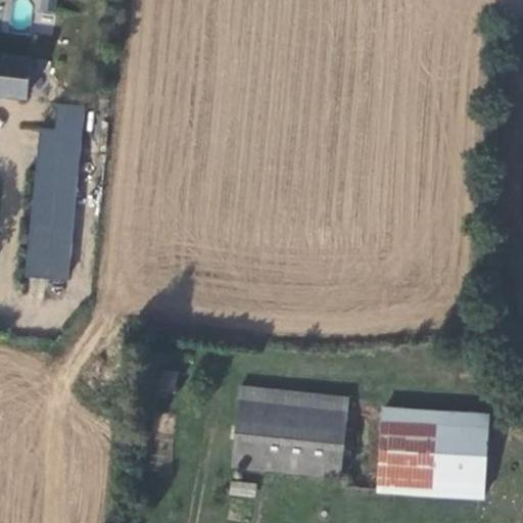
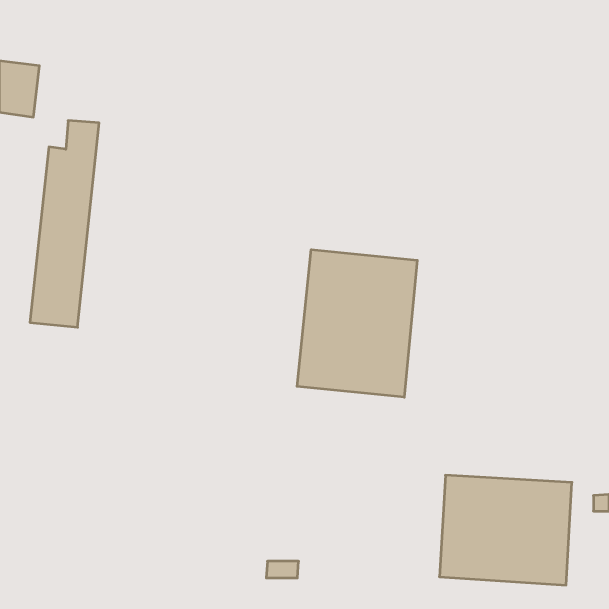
building: none -> [297,250,417,397]
building: [230,386,348,478] -> none

